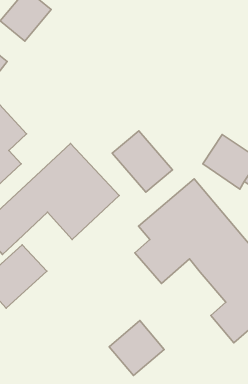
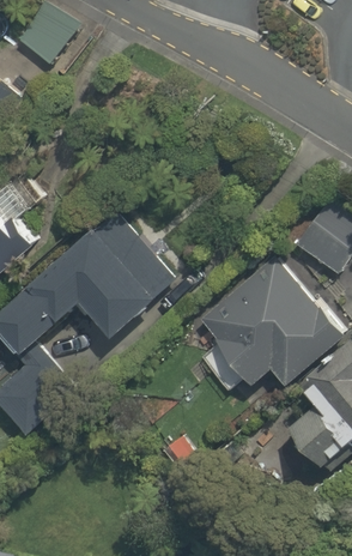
building: [112,131,172,192] -> none
building: [109,321,164,376] -> none

